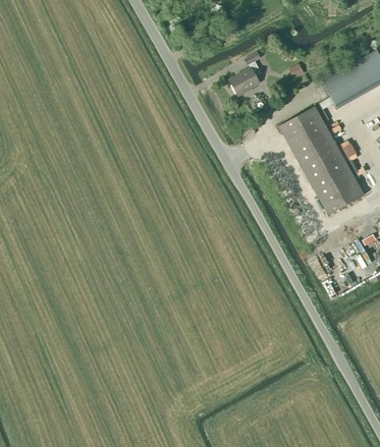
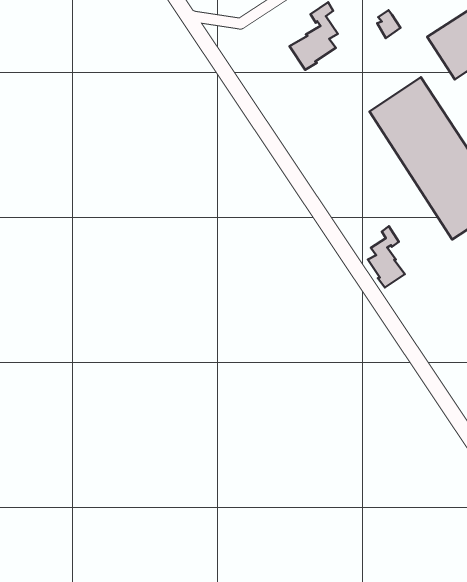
building: none -> [368,226,405,288]

